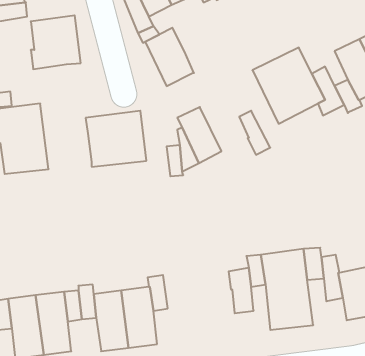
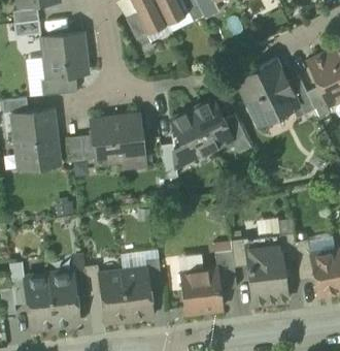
building: [145,28,194,86] -> [191,99,233,150]
building: none -> [40,74,77,96]
building: none -> [69,134,97,162]
building: none -> [180,269,224,313]

